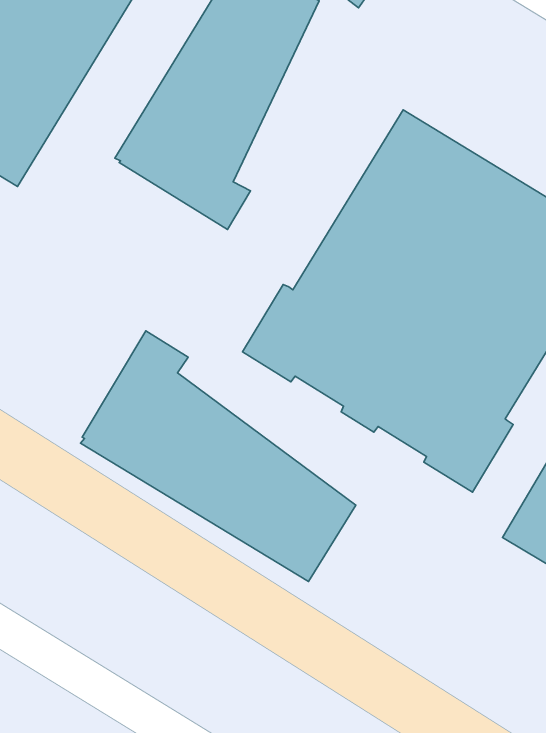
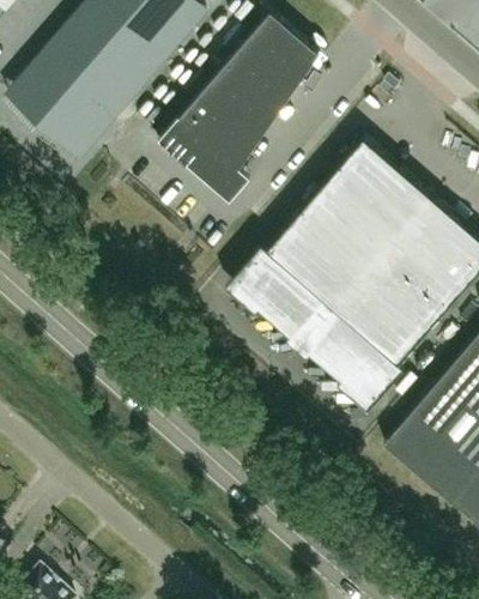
building: [81,331,356,582] -> none

